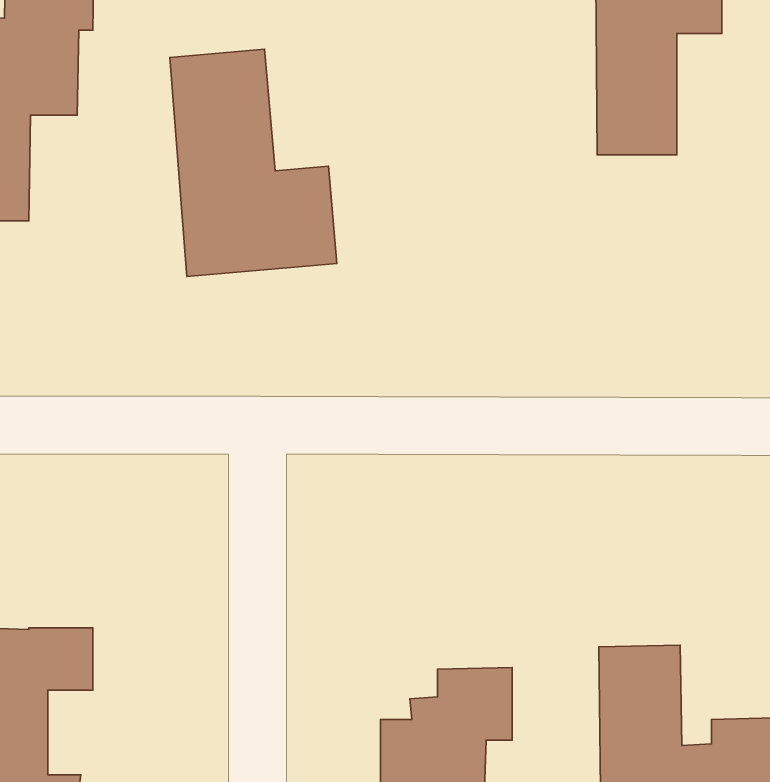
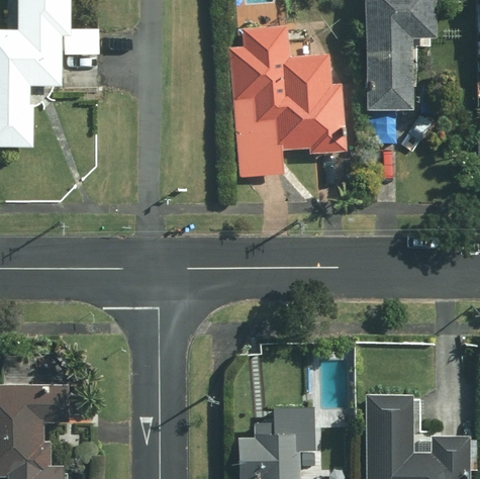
building: none -> [229,25,343,176]
building: [170,49,337,276] -> none

